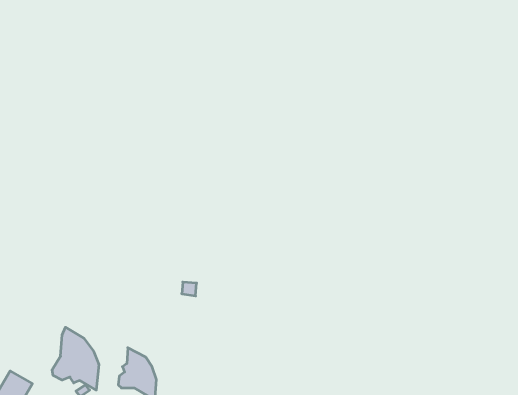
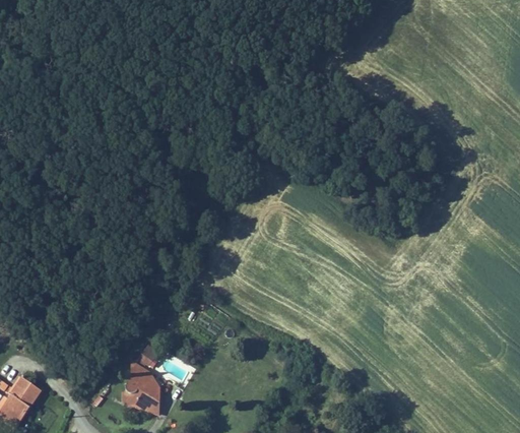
building: [52,327,99,390] -> none

